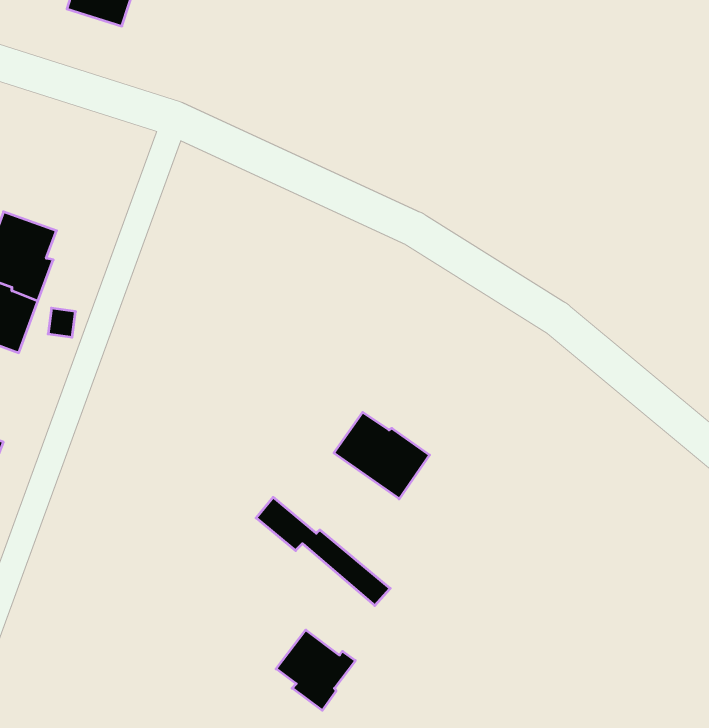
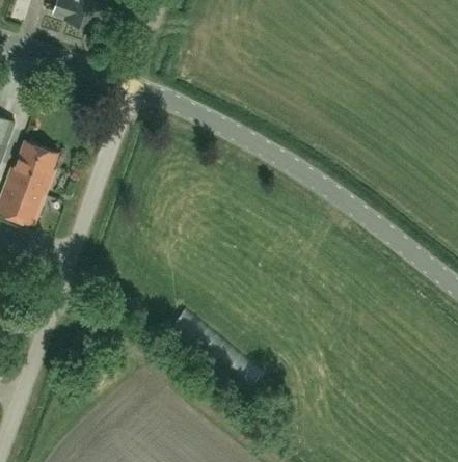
building: [334,412,430,499] -> none
building: [276,630,355,710] -> none

